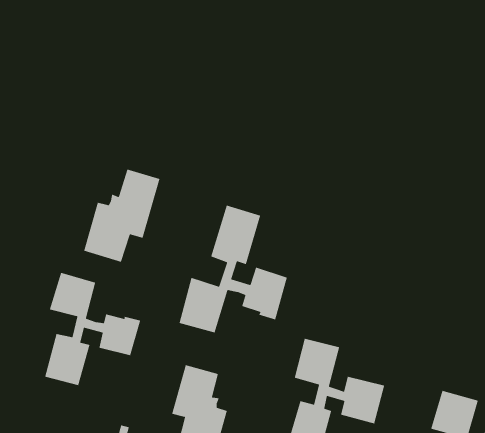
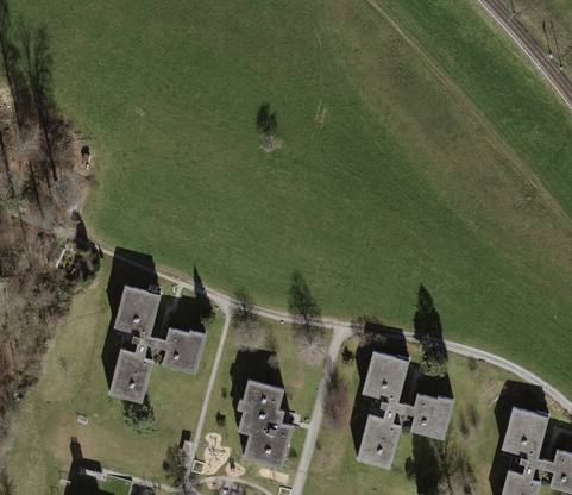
building: [83,169,161,263] -> none
building: [178,204,288,334] -> none

